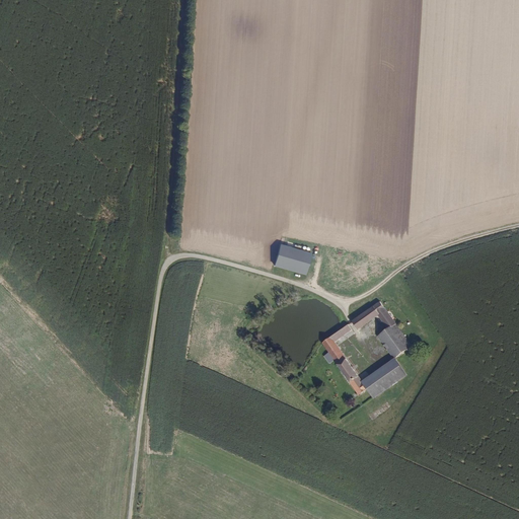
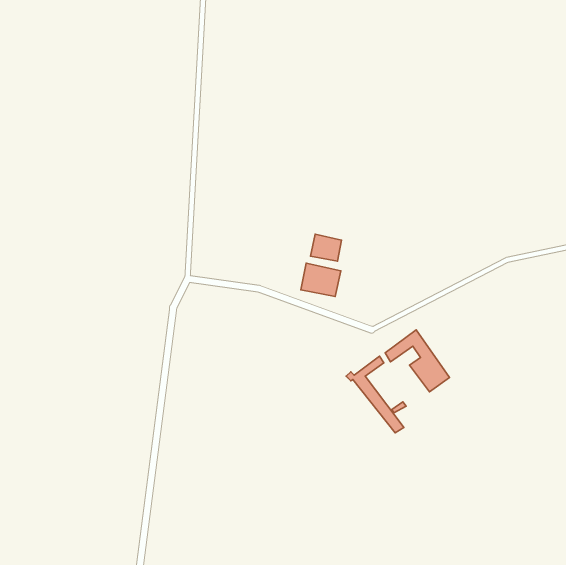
building: none -> [311,234,342,261]
building: [363,359,406,398] -> none

